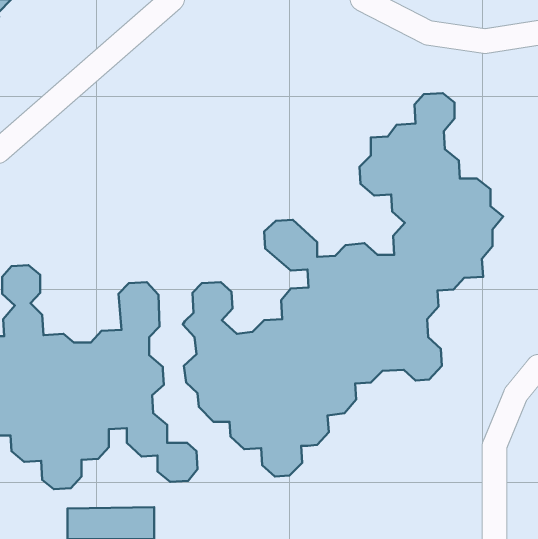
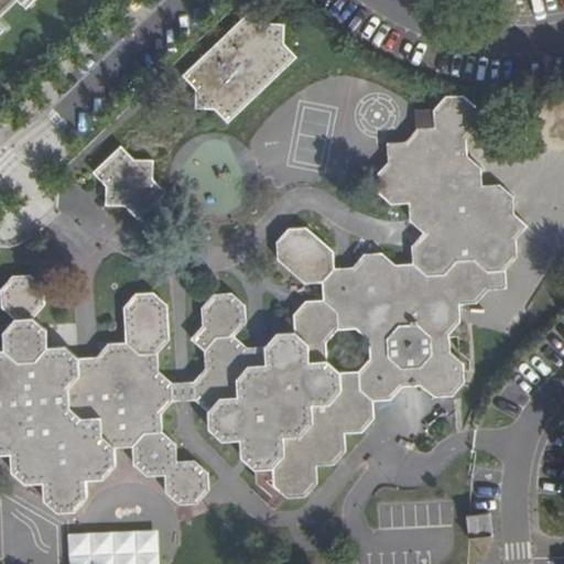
building: none -> [183,12,293,121]
building: none -> [94,149,163,217]

